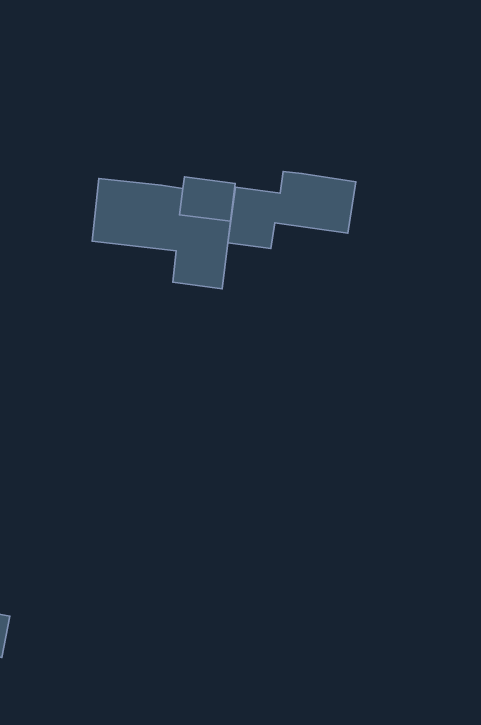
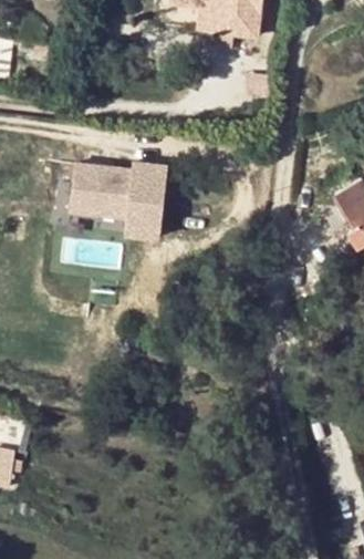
building: [228,171,356,248] -> none

